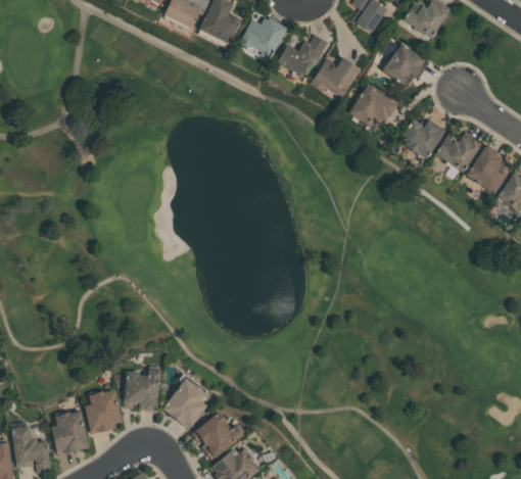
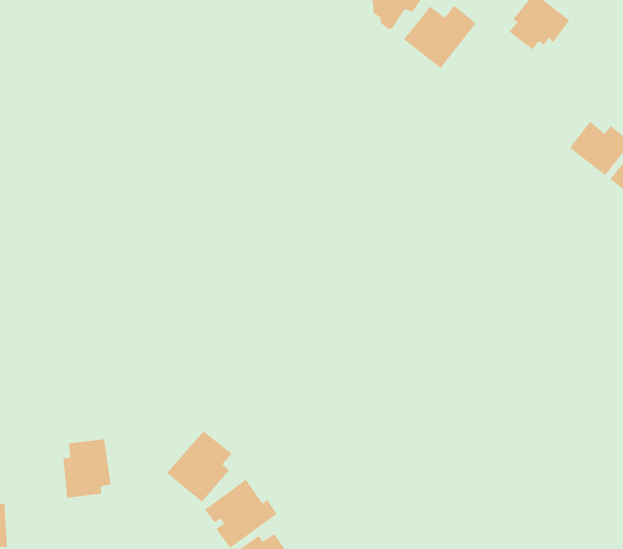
building: [348,83,397,130] -> none
building: [400,117,446,159] -> none
building: [124,369,161,411] -> none
building: [52,409,90,454] -> none

